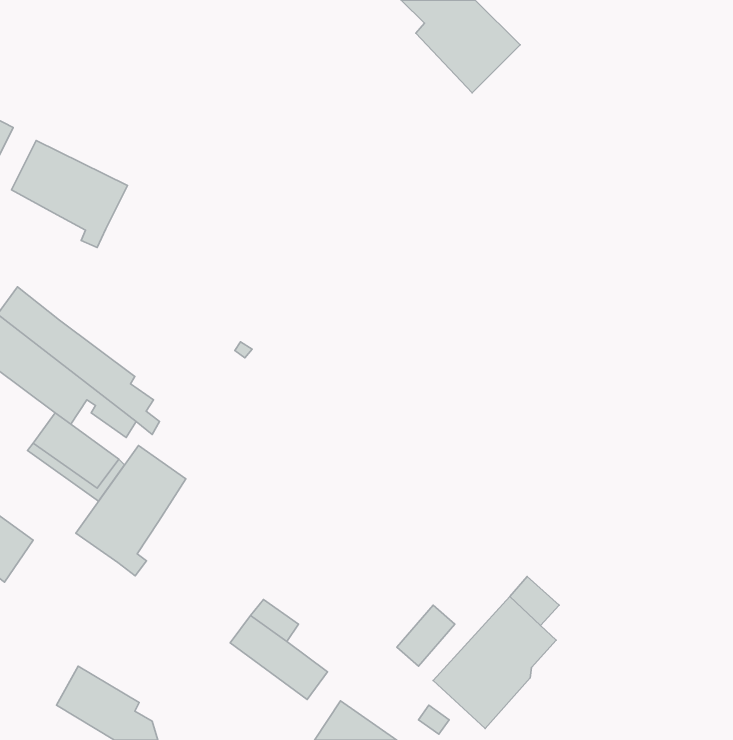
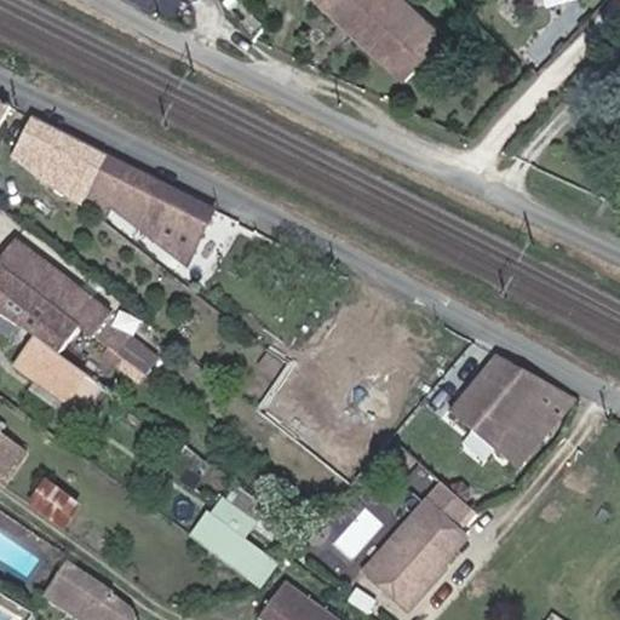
building: none -> [88,155,217,266]
building: none -> [448,356,573,465]
building: [76,445,186,576] -> none
building: none -> [23,475,78,526]

